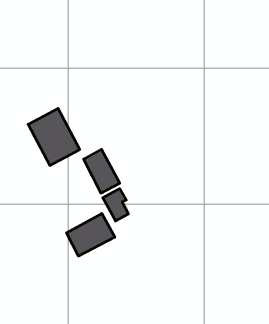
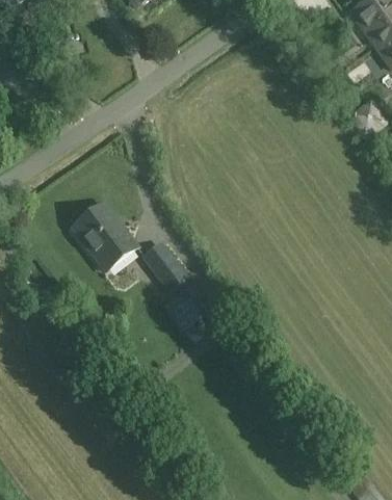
building: [67,213,115,256] -> none

